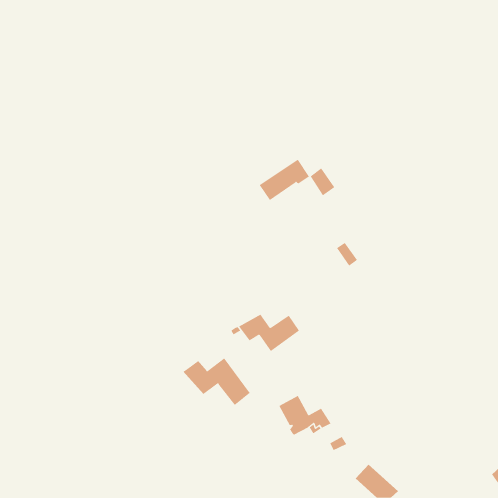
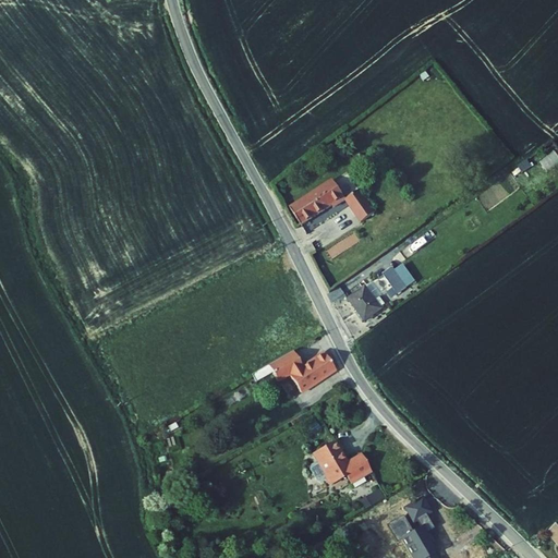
building: none -> [347,288,377,319]
building: [182,357,251,406] -> none

